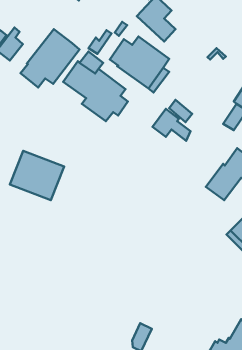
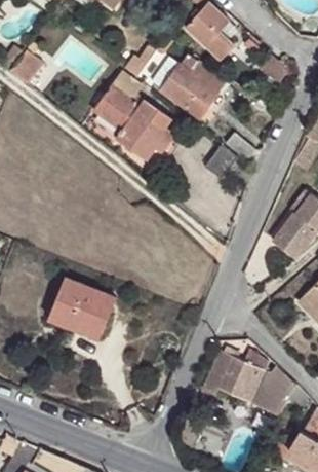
building: [21,29,79,88] -> none
building: [10,151,64,200] -> [48,278,116,339]
building: none -> [203,347,295,415]

